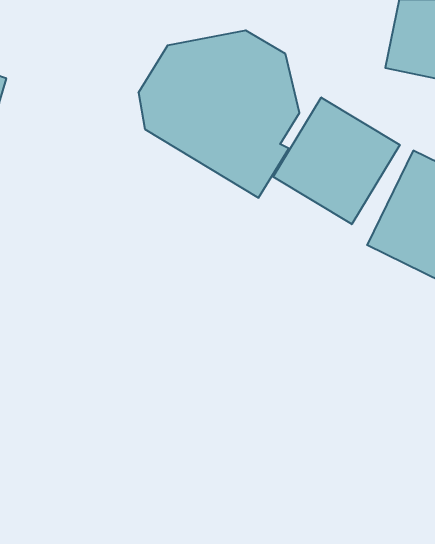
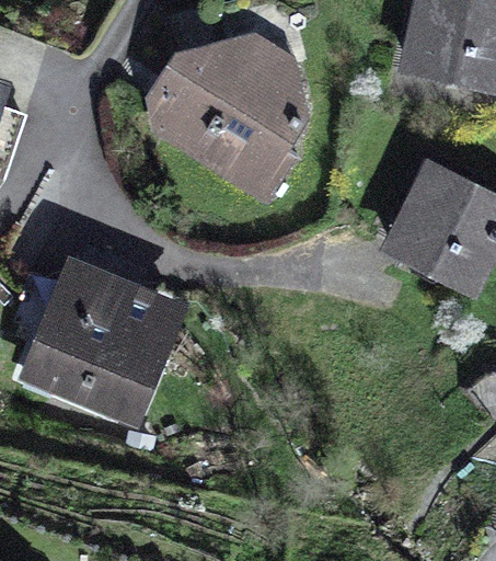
building: [273,97,400,224] -> none
building: none -> [15,255,189,430]

